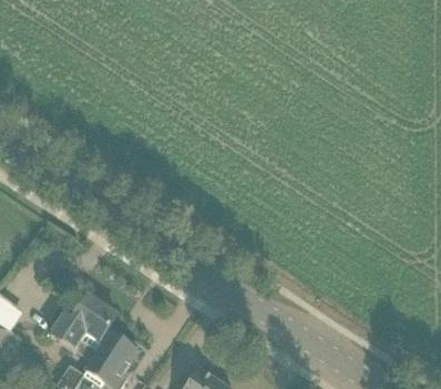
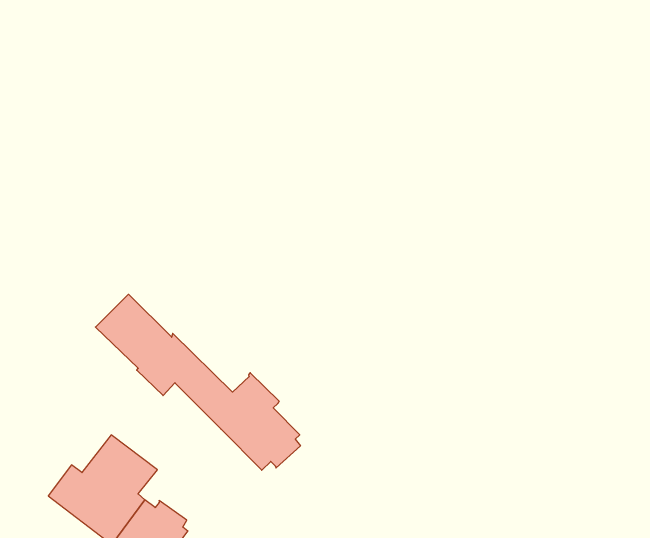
building: none -> [95,294,300,470]

